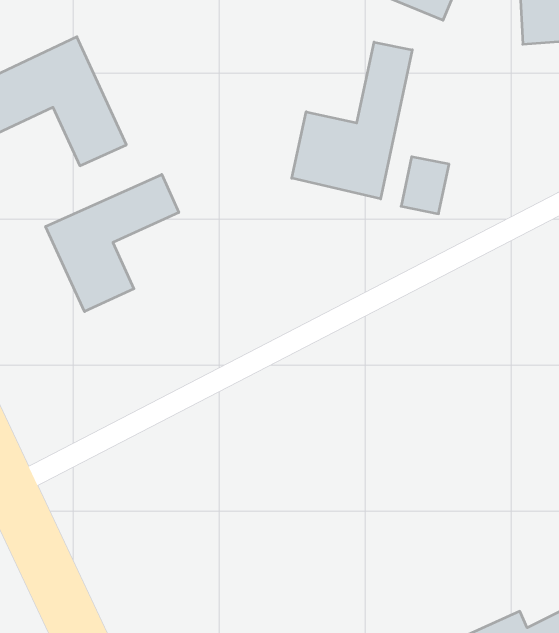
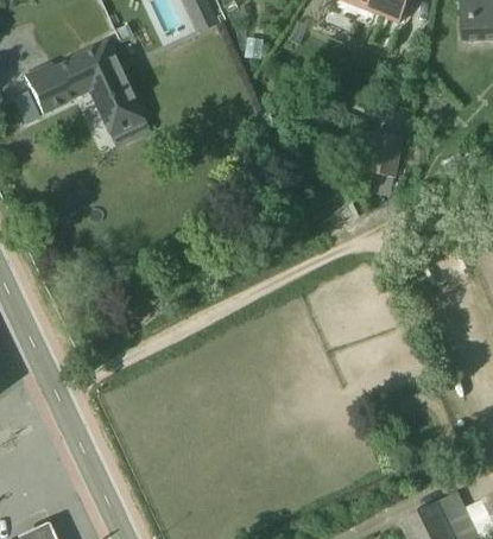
building: [292,42,412,199] -> none
building: [46,174,179,312] -> none

